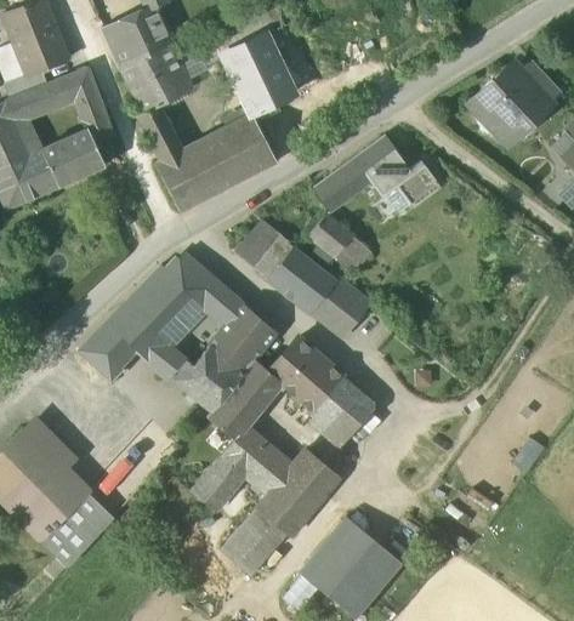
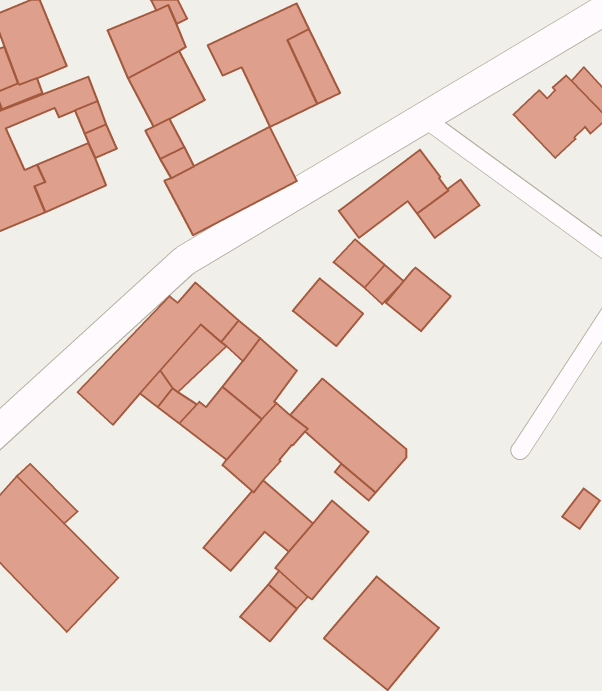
building: [233,222,296,284] -> none
building: [311,279,369,336] -> [386,268,451,331]

